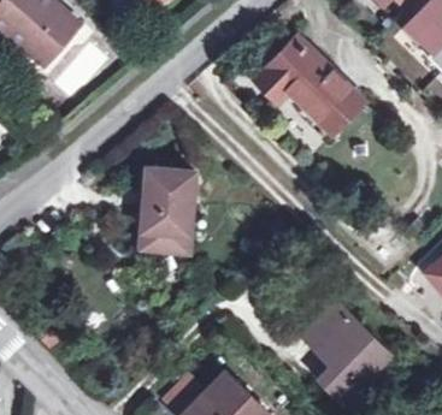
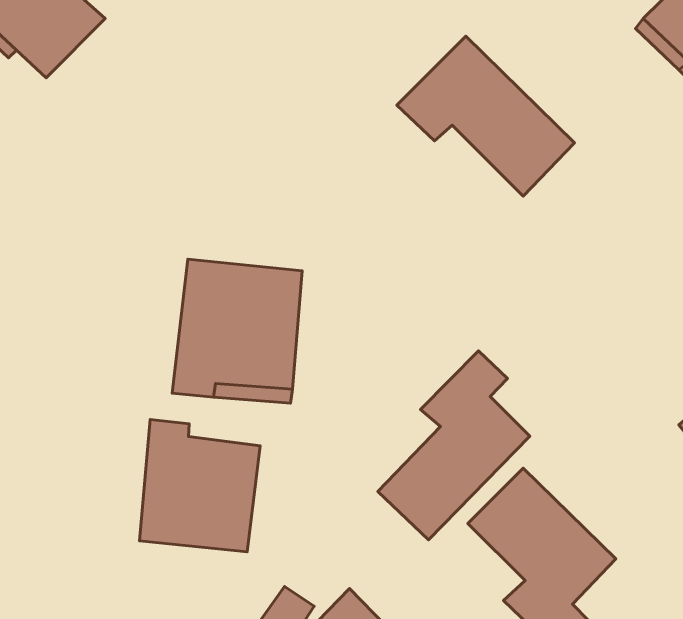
building: none -> [378,351,530,540]
building: none -> [140,420,260,552]

